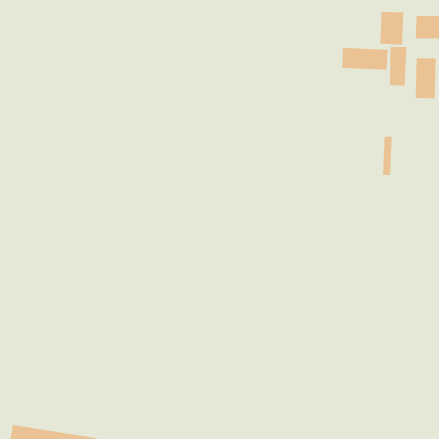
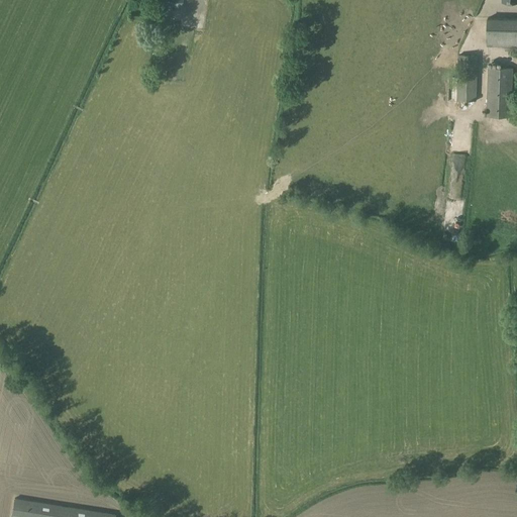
building: [380,11,404,45] -> none
building: [342,47,388,70] -> none

